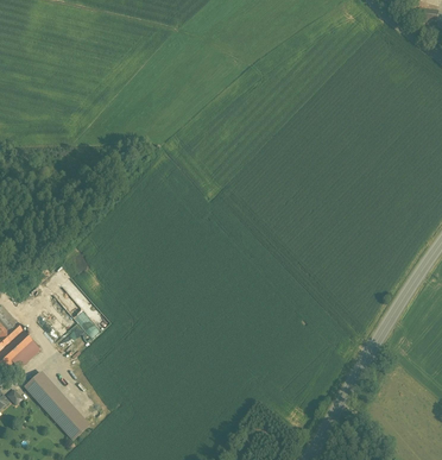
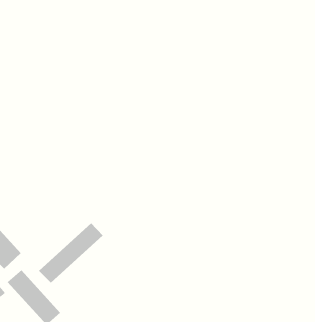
building: none -> [38,223,104,284]

